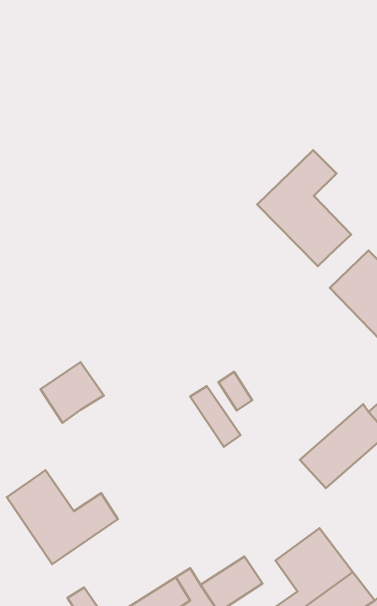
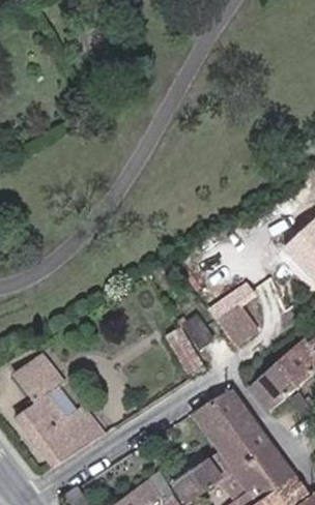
building: [257,150,351,266] -> none
building: none -> [217,293,269,344]
building: [41,362,104,423] -> [16,354,66,403]
building: none -> [197,390,267,465]

